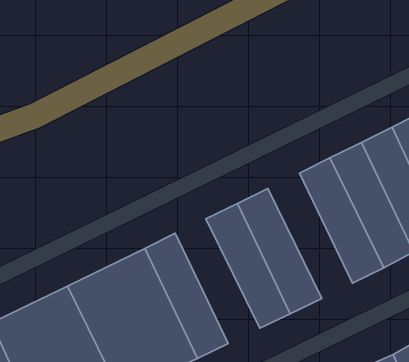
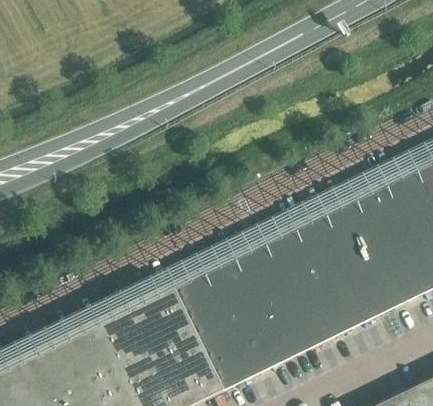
building: none -> [290,207,373,330]
building: none -> [199,252,282,374]

